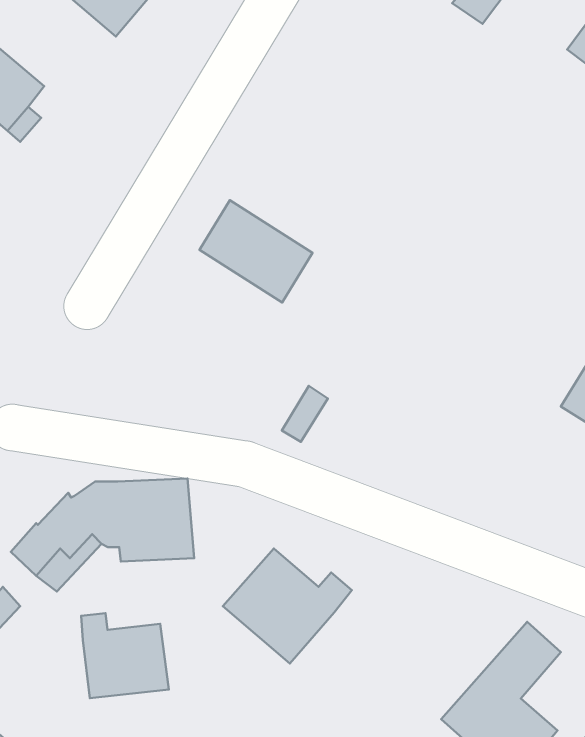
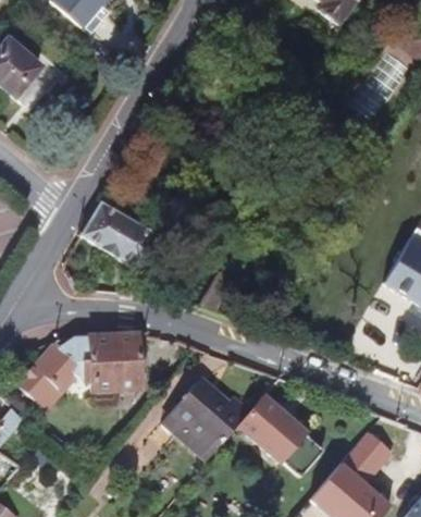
building: [199,200,313,302] -> [79,200,157,270]
building: none -> [237,395,323,476]
building: [81,613,169,698] -> none

